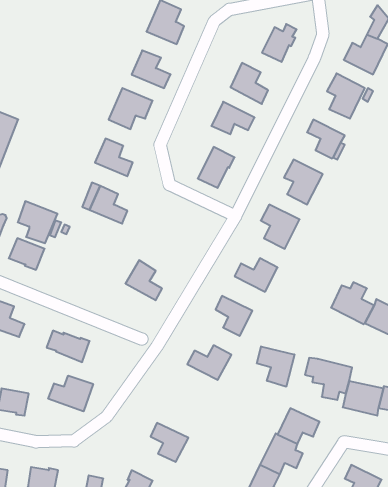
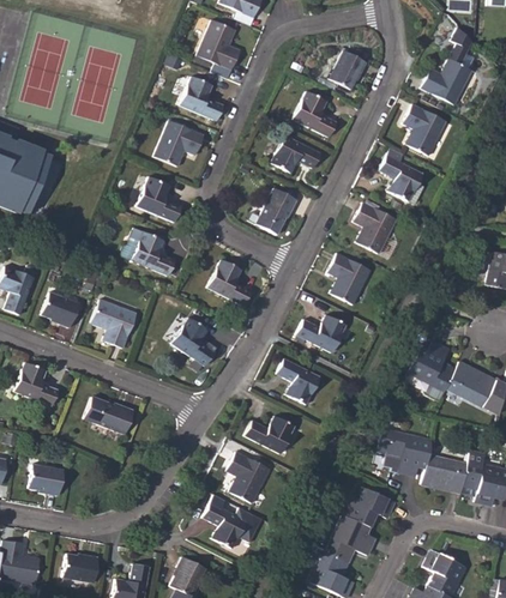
building: [18,201,58,243] -> [92,300,138,348]
building: none -> [206,259,251,304]
building: [257,346,294,387] -> none
building: [48,376,93,411] -> none
building: none -> [225,452,267,502]

